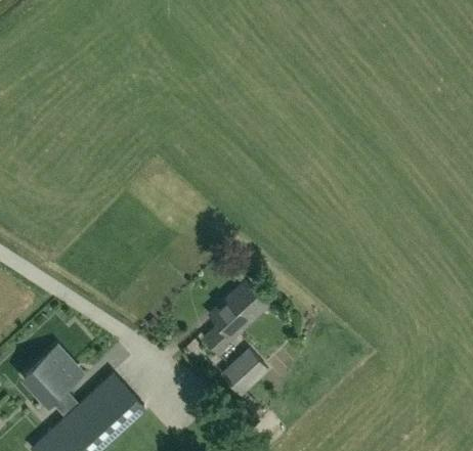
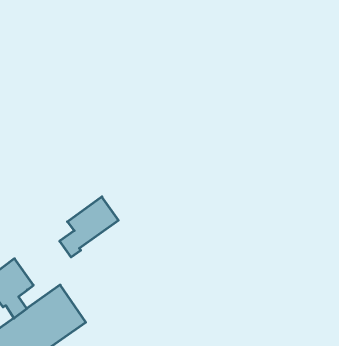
building: [202,281,266,355] -> [60,197,118,257]
building: [221,349,267,396] -> none

